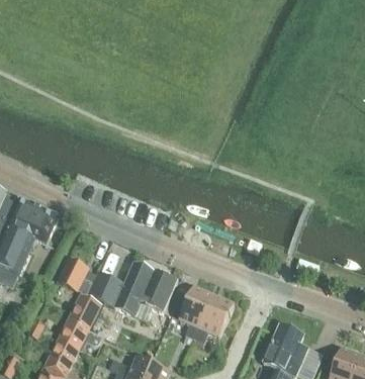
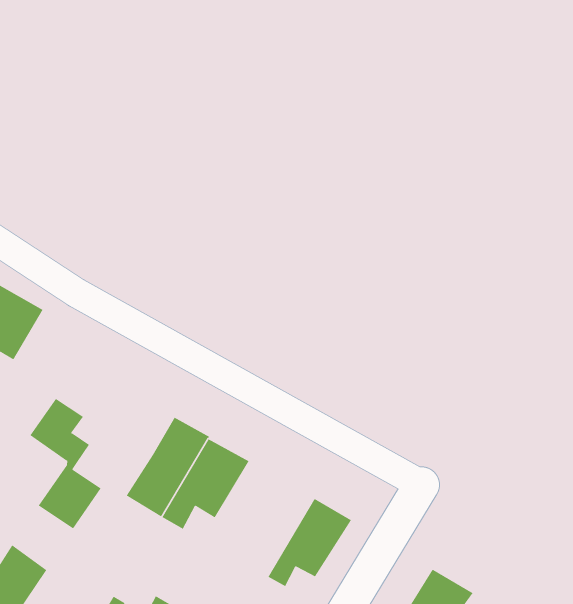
building: [88,272,125,306] -> none
building: [179,287,213,340] -> none
building: [58,317,103,352] -> none

